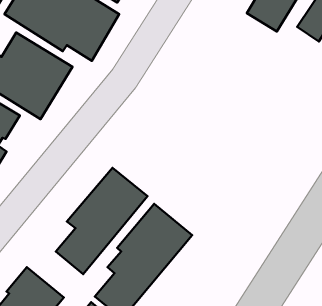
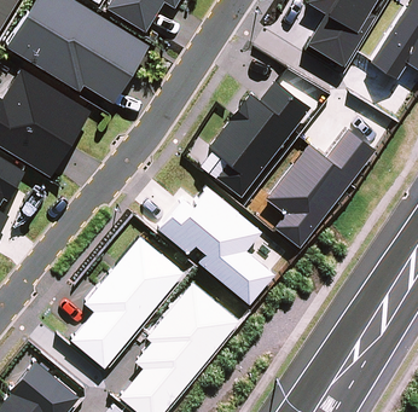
building: none -> [208,81,309,196]
building: none -> [267,129,375,246]
building: none -> [158,187,274,304]

